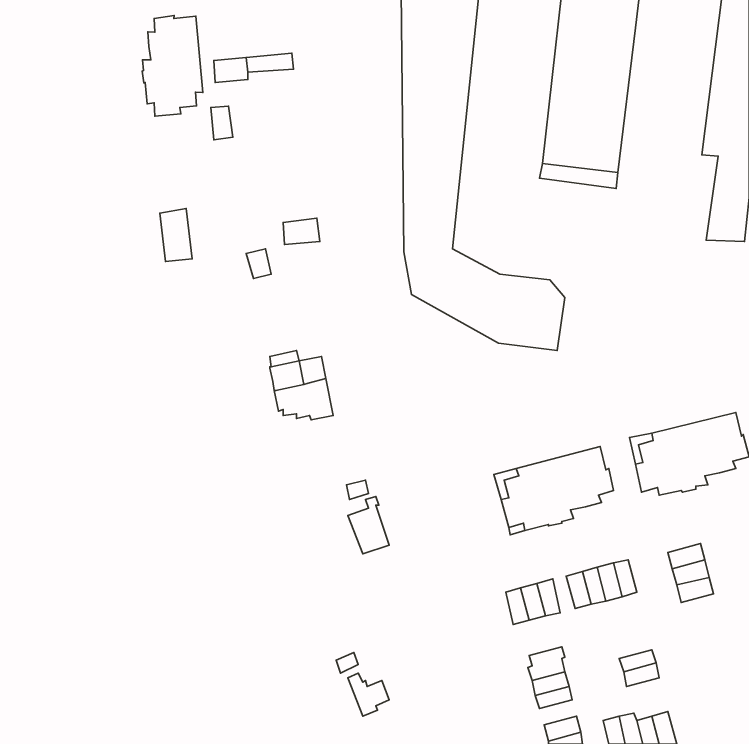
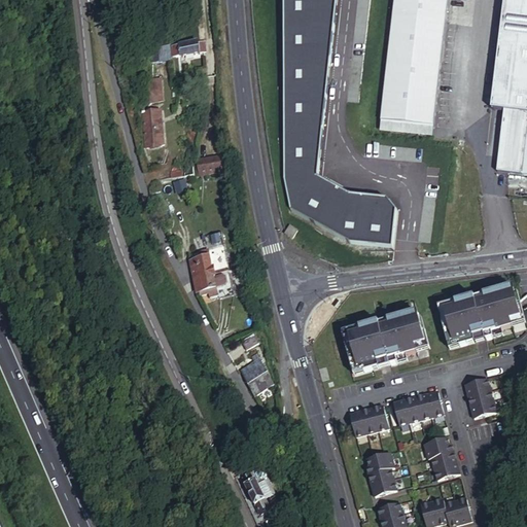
building: [142,16,203,116] -> none
building: [160,209,192,262] -> [142,105,165,142]
building: none -> [426,437,455,460]

